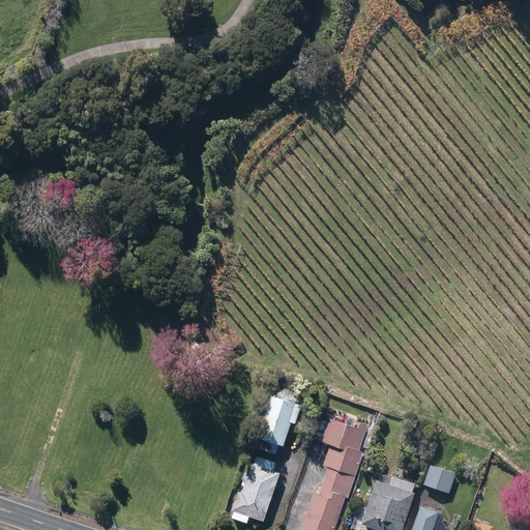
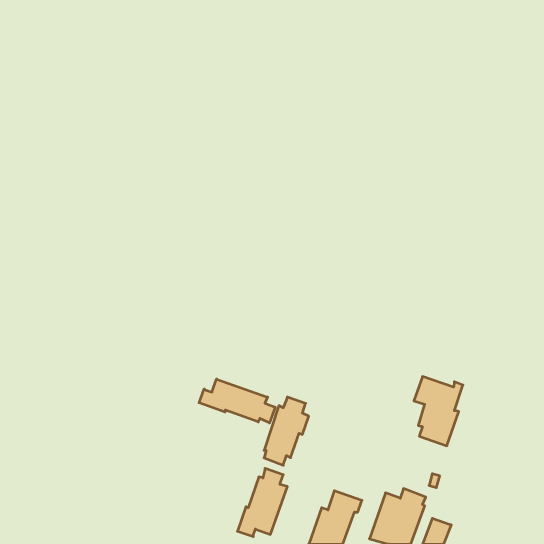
building: none -> [199,379,275,423]
building: [320,419,367,487] -> [414,377,463,446]
building: [423,465,457,493] -> none

